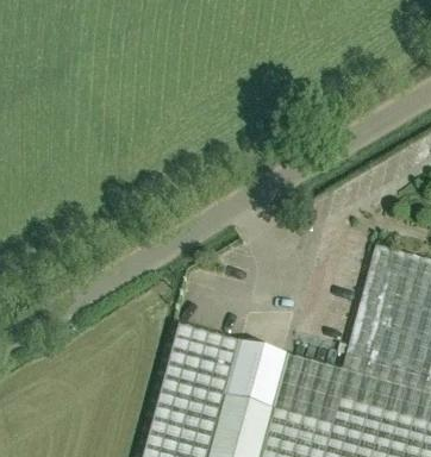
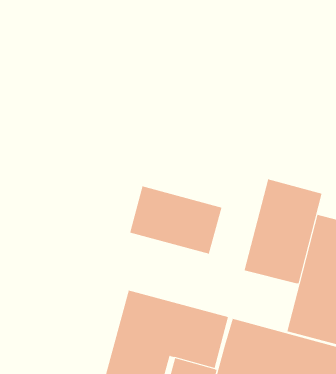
building: none -> [244,179,322,284]
building: none -> [130,185,222,255]

